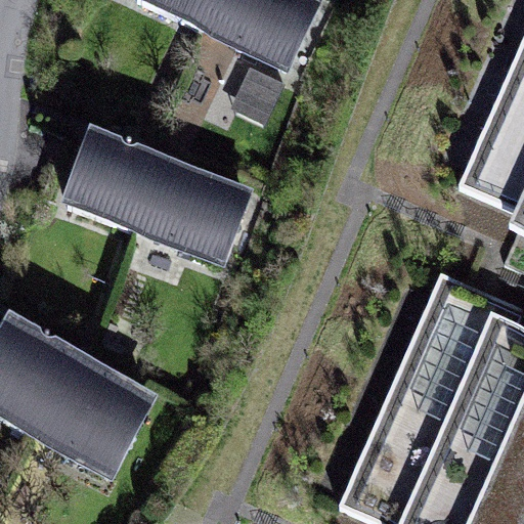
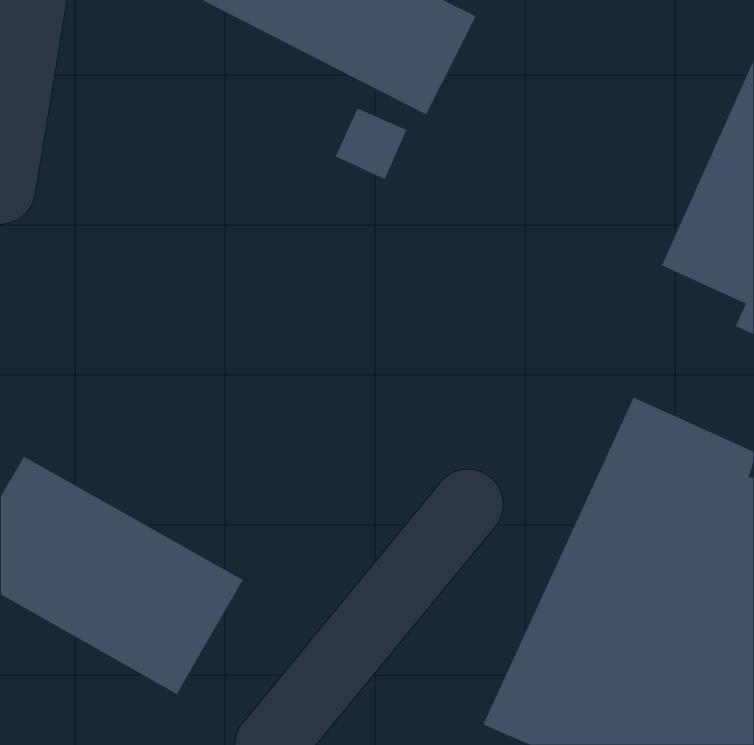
building: [67,128,264,269] -> none

